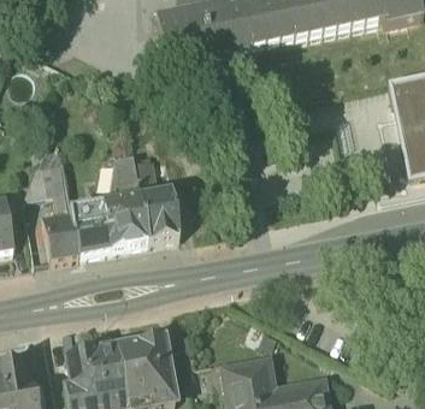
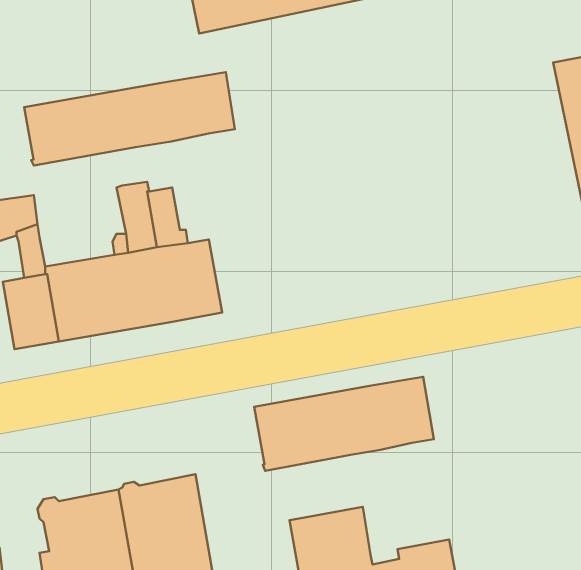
building: none -> [24,72,235,166]
building: none -> [254,377,434,471]

